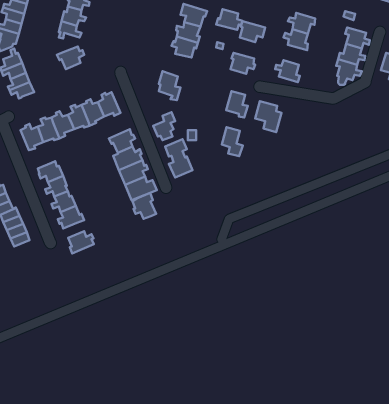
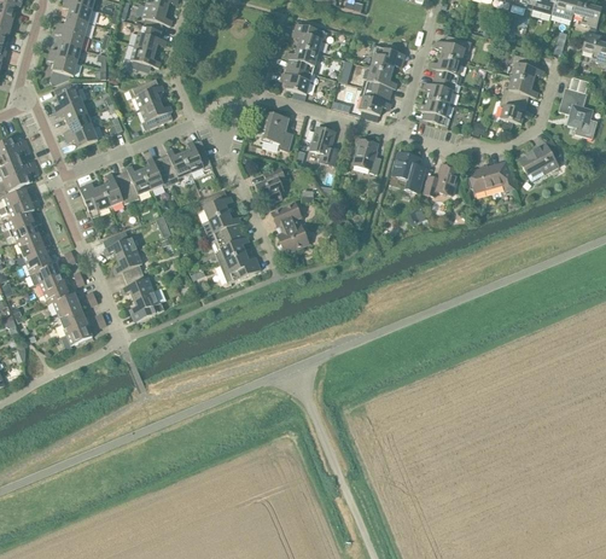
building: [216,9,243,30] -> [362,66,397,94]
building: none -> [424,76,460,103]
building: none -> [140,100,173,129]
building: none -> [518,138,560,181]
building: none -> [424,163,460,196]
building: none -> [468,163,513,192]
building: [222,127,243,156] -> [310,126,338,164]
building: [133,193,156,219] -> none
building: [68,231,94,253] -> none

